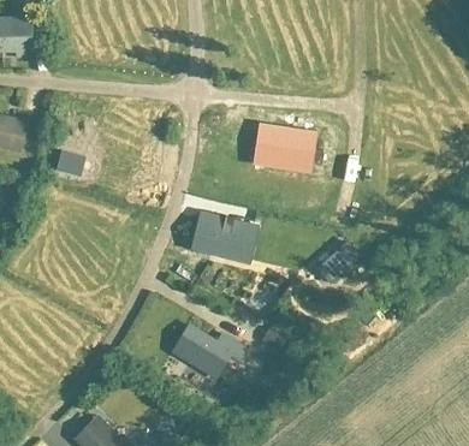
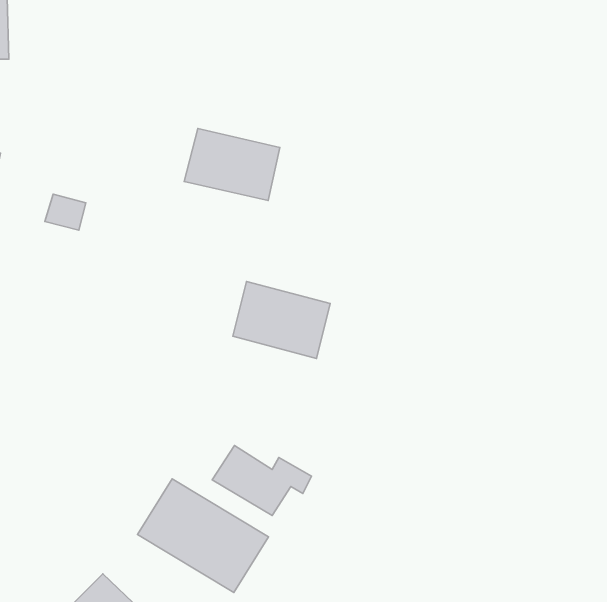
building: [250,117,317,167] -> [184,129,280,200]
building: none -> [138,479,268,592]

